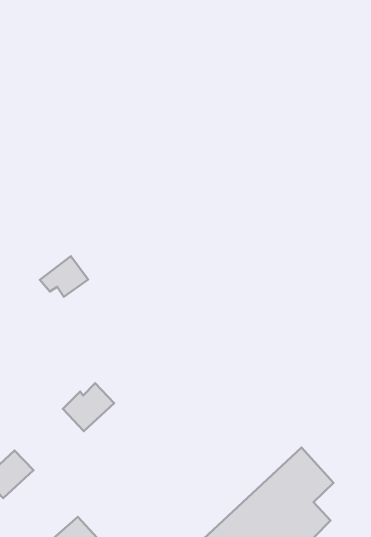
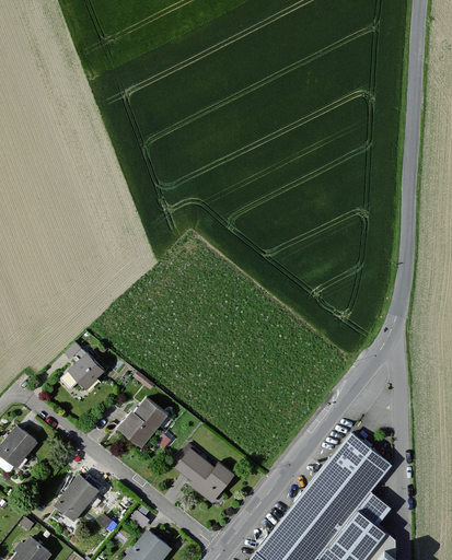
building: [40,256,88,297] -> [60,351,106,390]
building: none -> [175,448,235,504]

